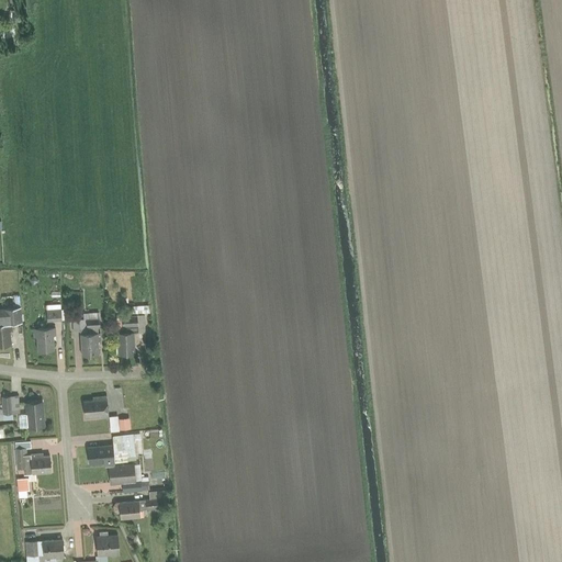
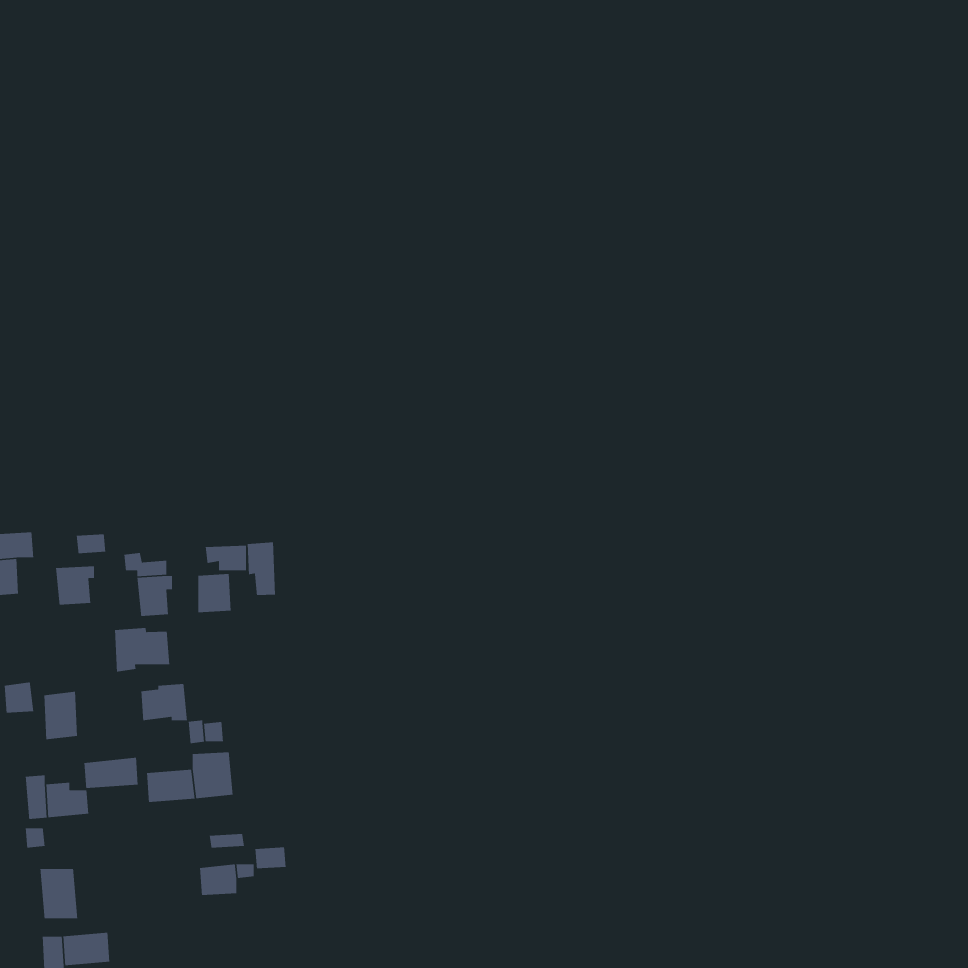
building: none -> [247,541,276,596]
building: none -> [114,627,170,672]
building: [108,464,139,483] -> [84,757,139,789]
building: none -> [40,868,78,919]
building: [93,533,120,555] -> none

